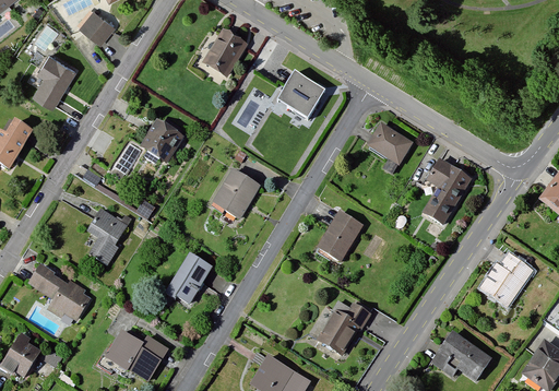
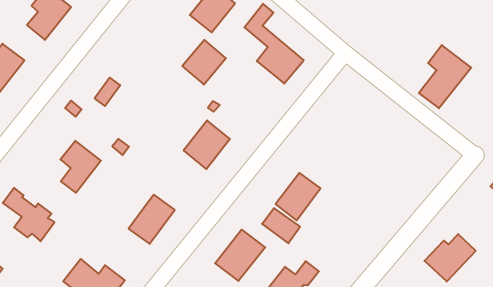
building: [142,116,187,163] -> [182,40,226,85]
building: [367,122,413,166] -> none
building: [421,158,473,225] -> [419,45,471,108]
building: none -> [262,208,300,243]
building: none -> [215,230,265,281]

